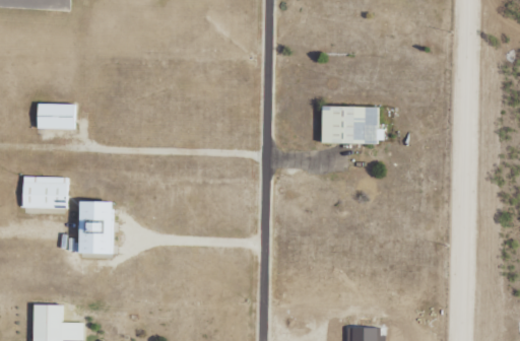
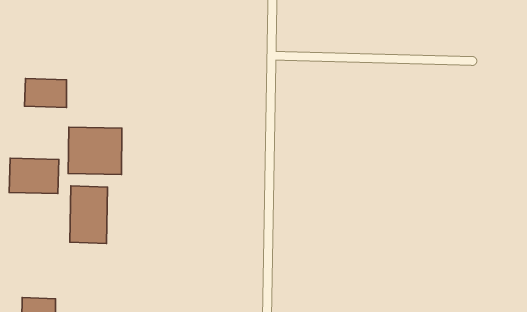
building: [321,107,383,144] -> none
building: none -> [68,127,122,175]

